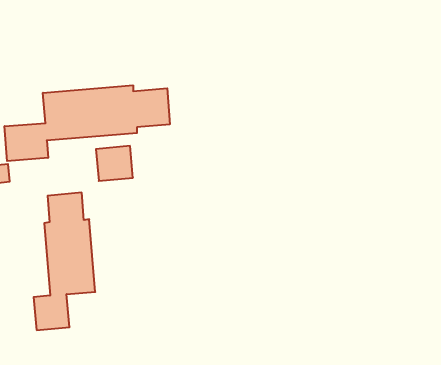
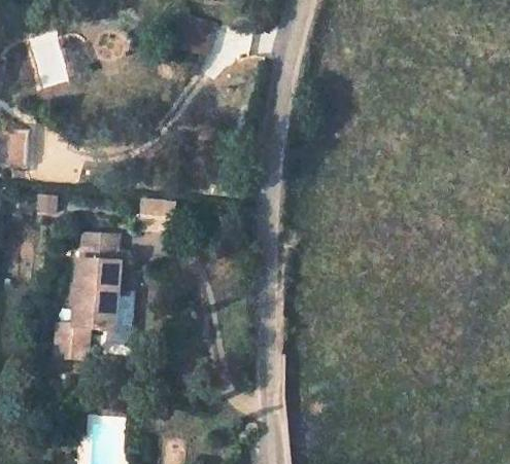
building: [5,85,170,161] -> none

